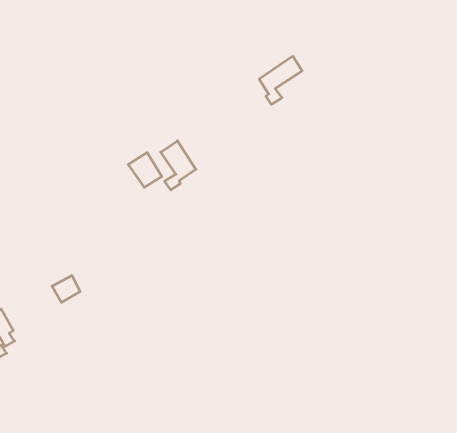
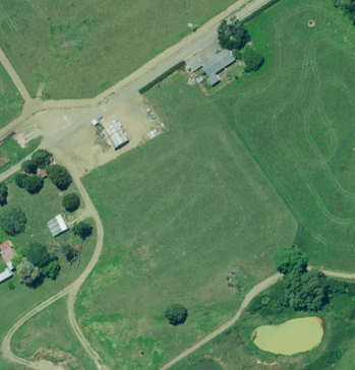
building: [161,141,196,190] -> none

